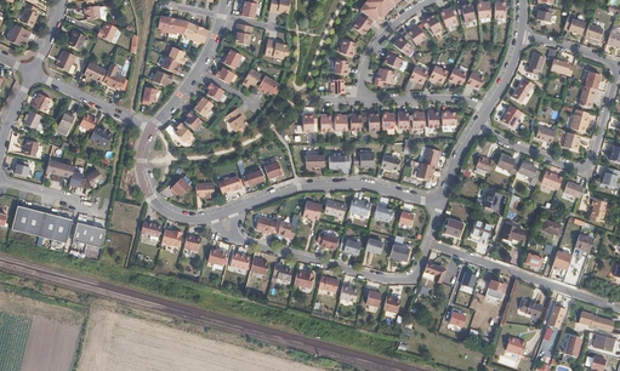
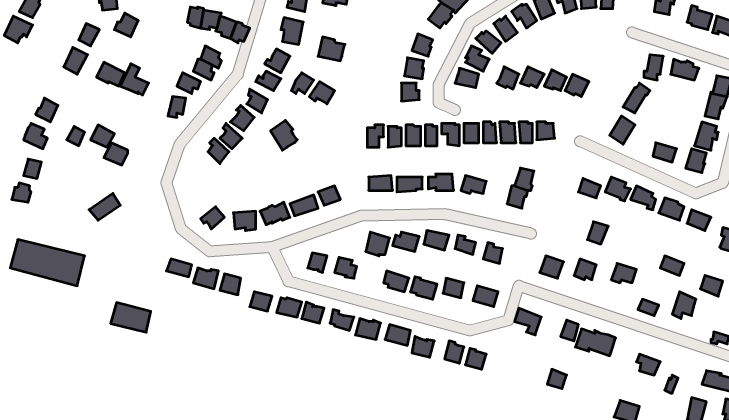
building: [45,159,81,187] -> none
building: [73,222,106,246] -> [111,303,151,332]

